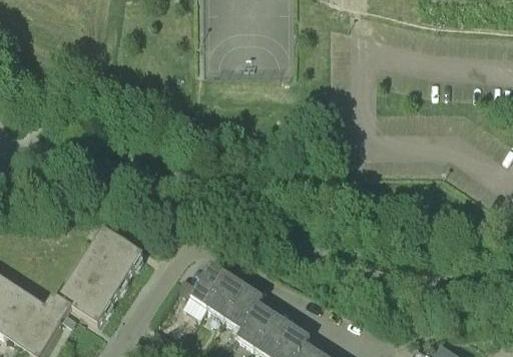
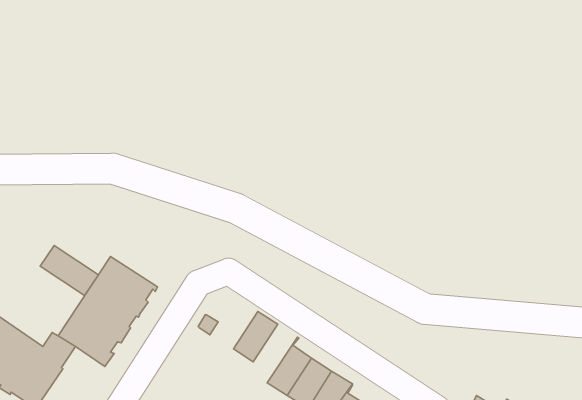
building: none -> [40,245,98,296]
building: [190,262,229,306] -> none
building: [225,285,264,335] -> none

